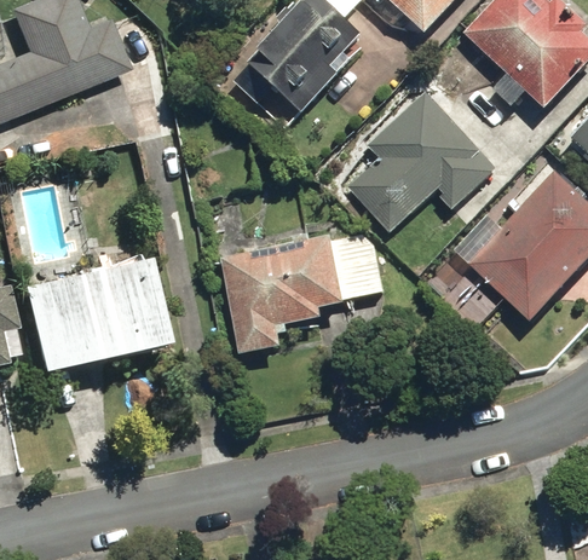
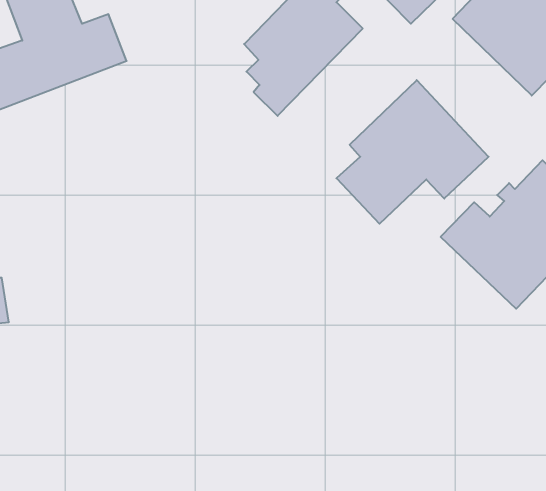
building: [220,229,382,354] -> none
building: [17,262,162,376] -> none

